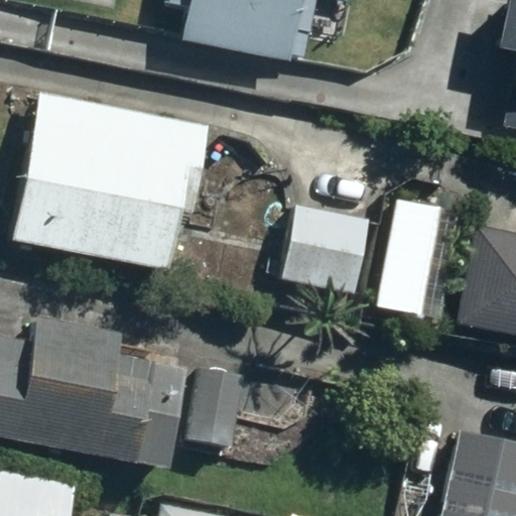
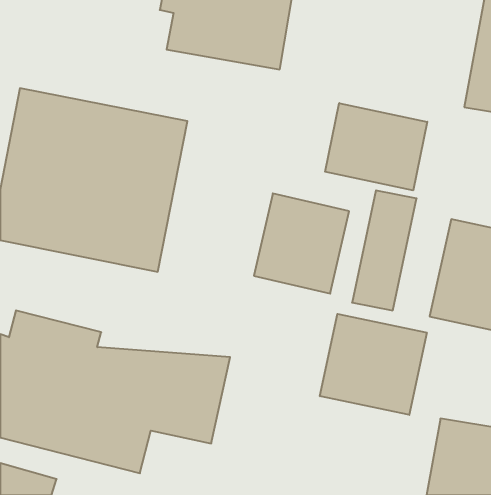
building: none -> [325,103,427,190]
building: none -> [320,314,427,415]

